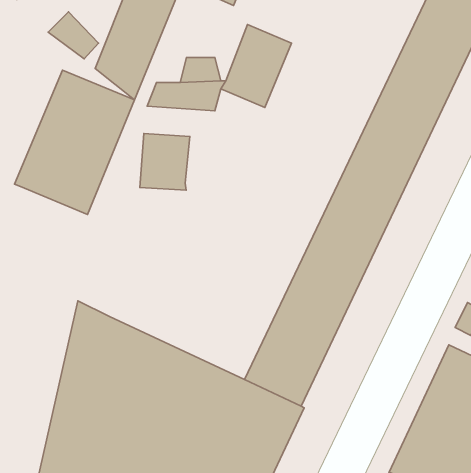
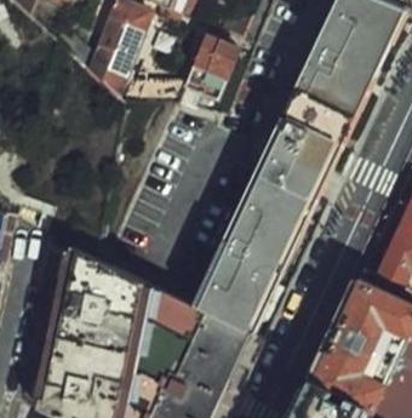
building: [14,70,135,215] -> none
building: [140,134,190,190] -> none

